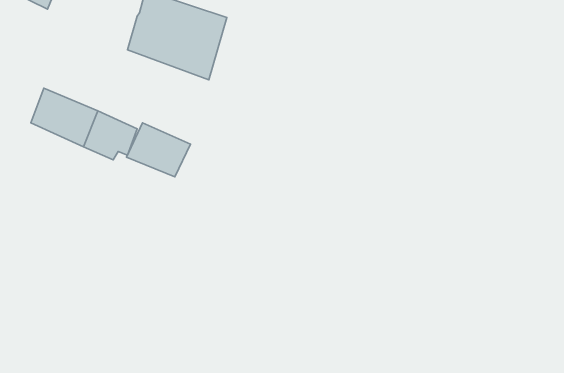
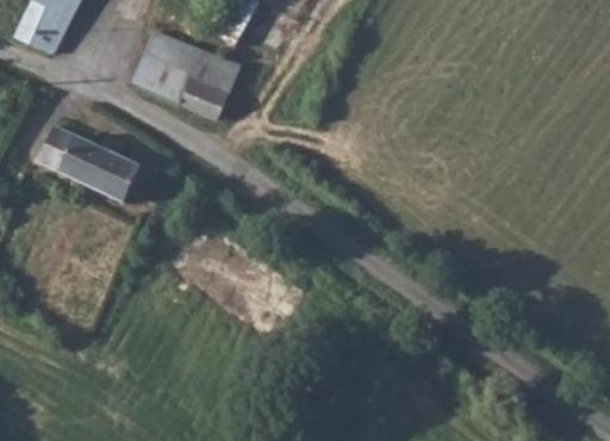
building: [127,123,190,177] -> none

